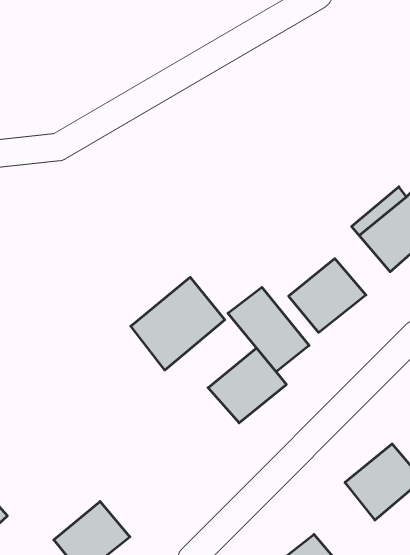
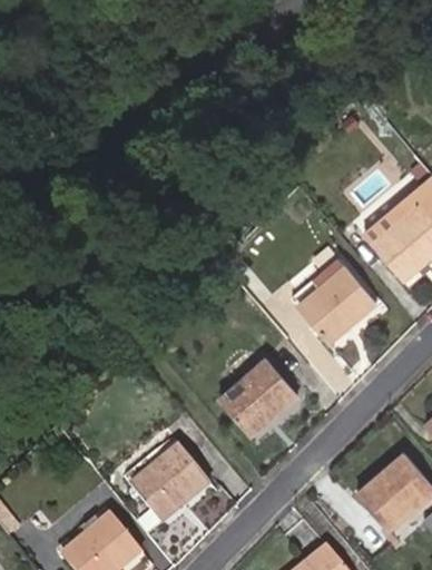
building: [131,277,225,370] -> none
building: [228,287,309,372] -> none
building: none -> [129,442,207,519]

